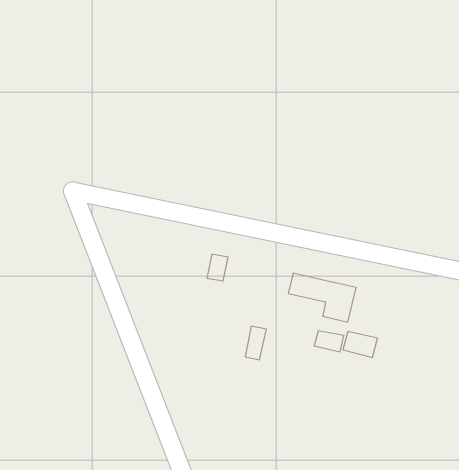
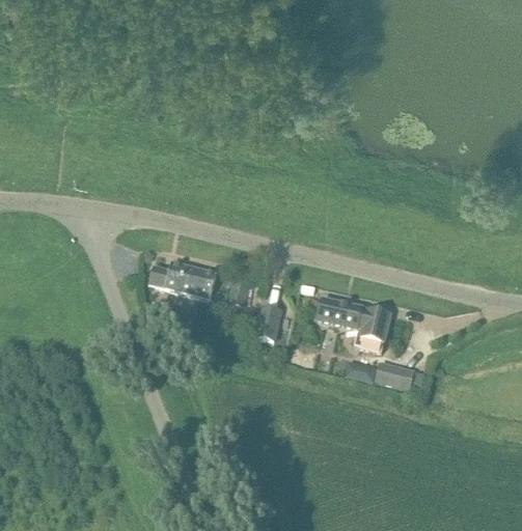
building: none -> [148,260,216,298]
building: [245,326,266,360] -> [257,305,280,341]

